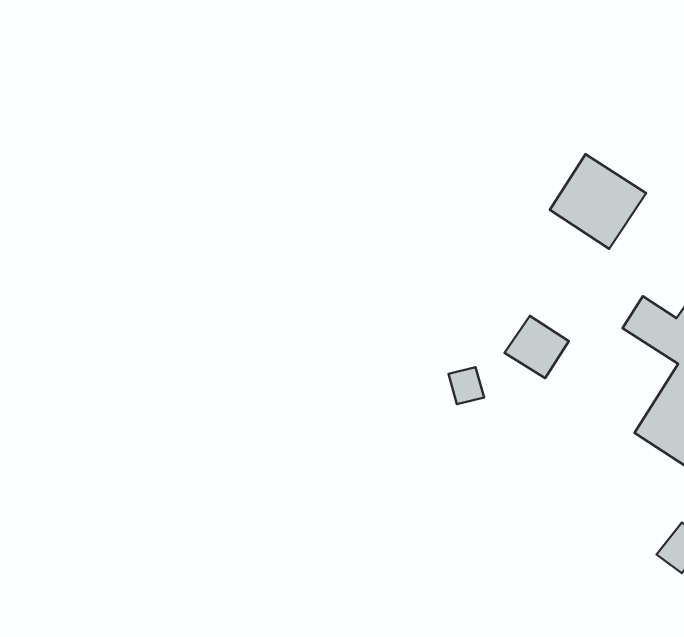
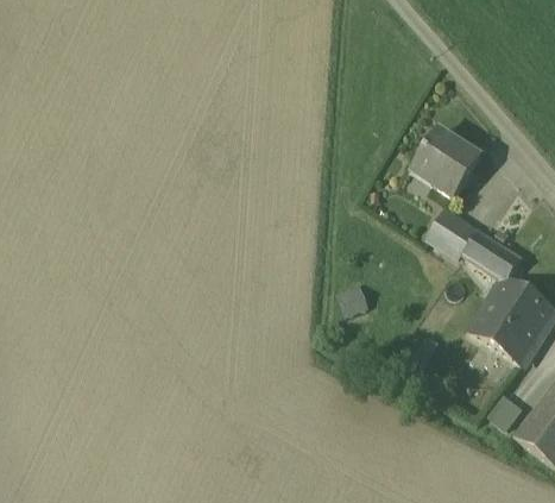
building: [505,316,569,378] -> [427,212,472,256]

